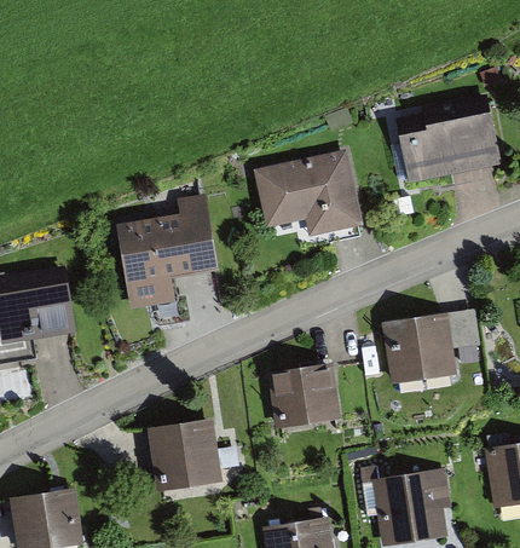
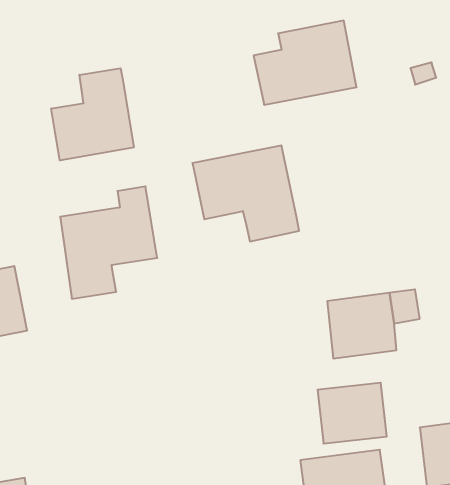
building: none -> [51,68,134,160]
building: [394,97,501,184] -> [254,21,357,105]
building: [268,365,340,428] -> [318,383,387,444]
building: [146,420,221,491] -> none

